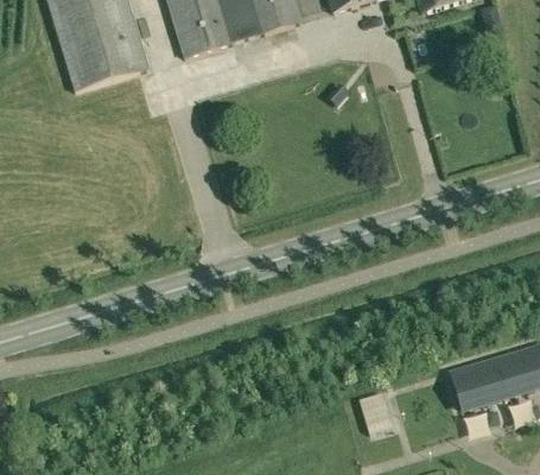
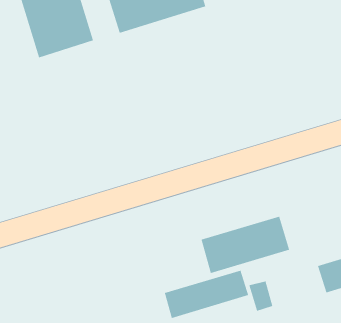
building: none -> [201,216,290,274]
building: none -> [164,270,249,319]

